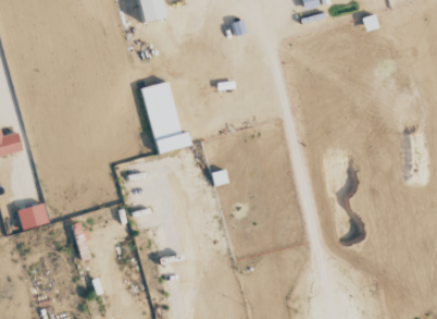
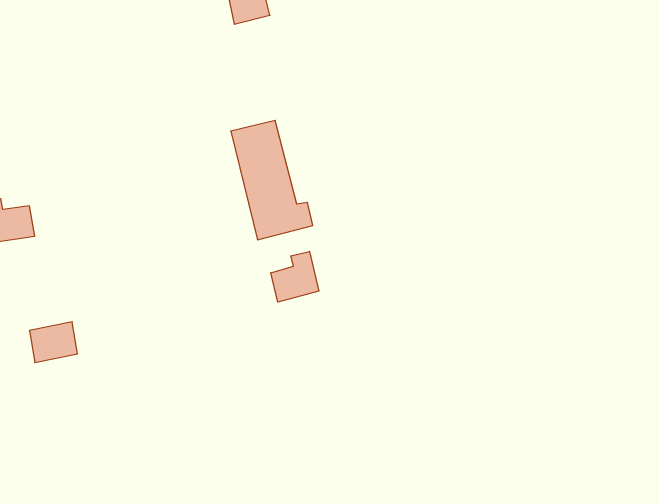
building: none -> [271,251,319,302]

